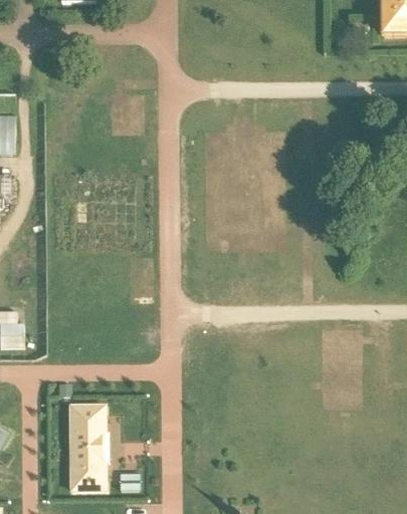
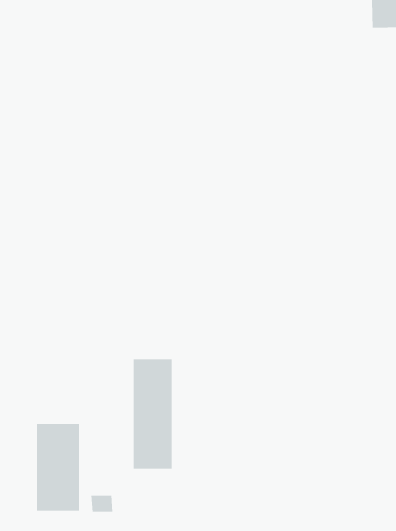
building: none -> [133,358,172,470]

